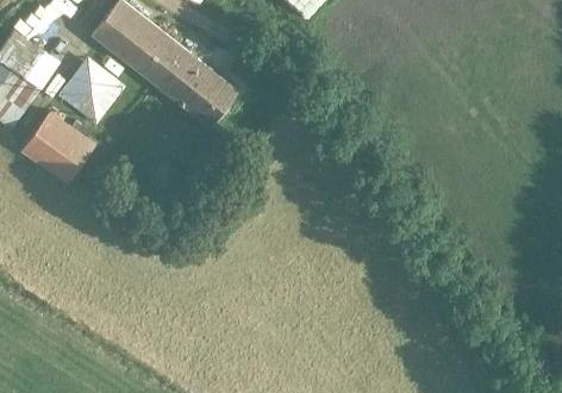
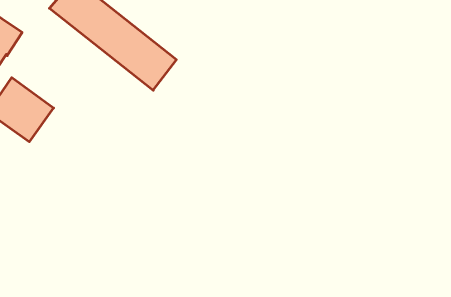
building: [58,57,125,124] -> none

